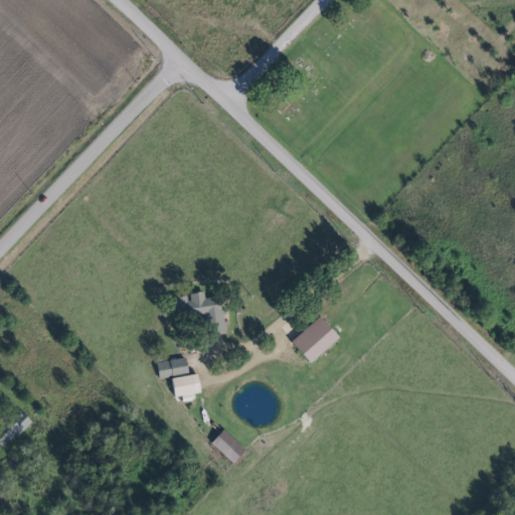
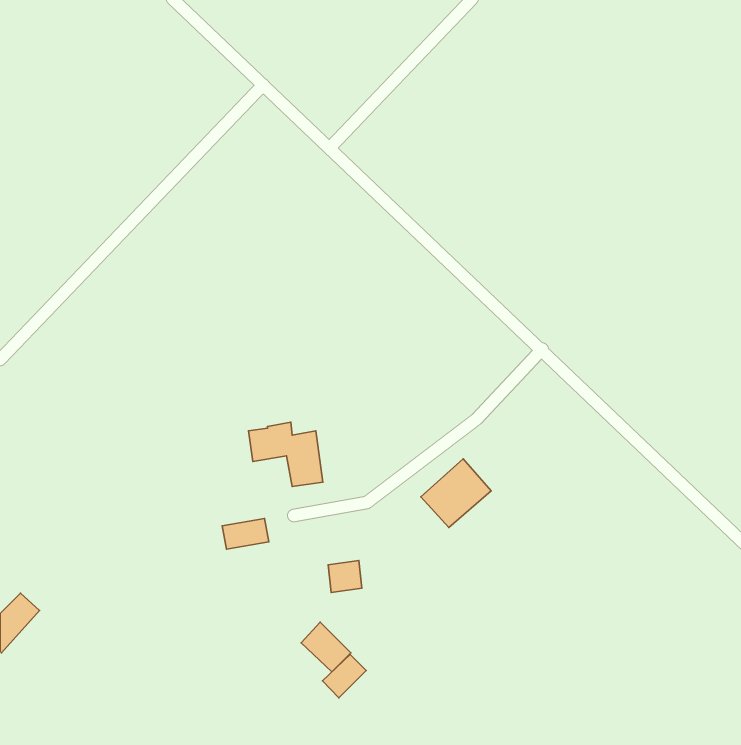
building: [171,374,194,396] -> [328,560,362,593]
building: none -> [323,655,366,698]

